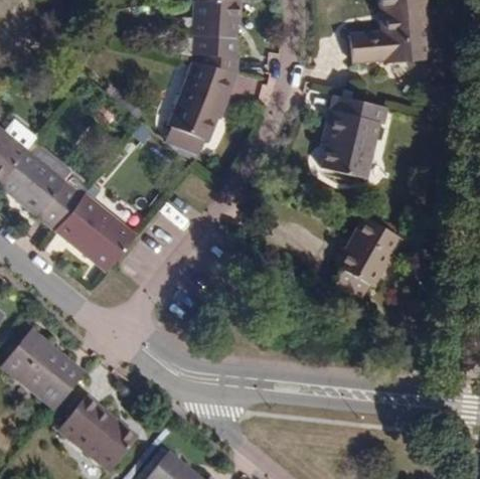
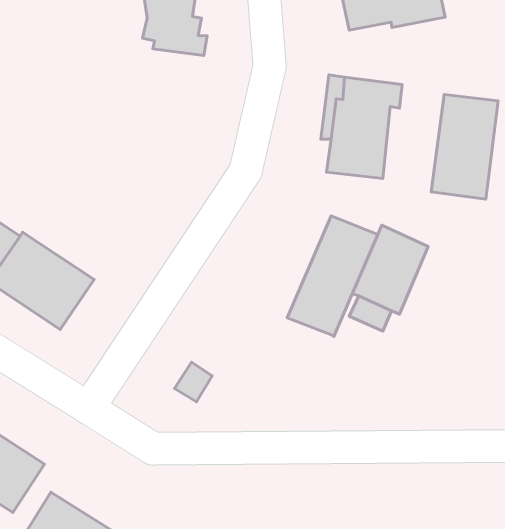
building: [168,57,237,141] -> none
building: none -> [431,95,498,199]
building: none -> [287,216,378,336]

